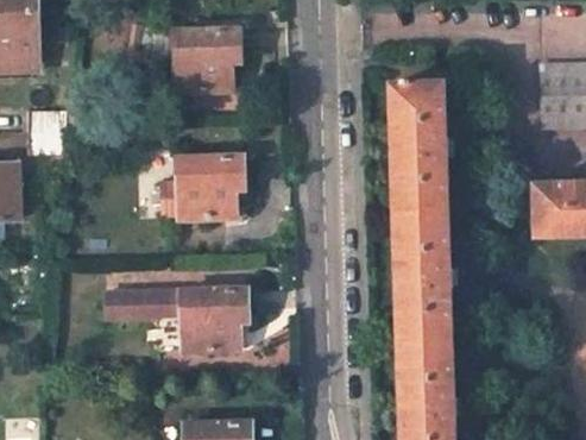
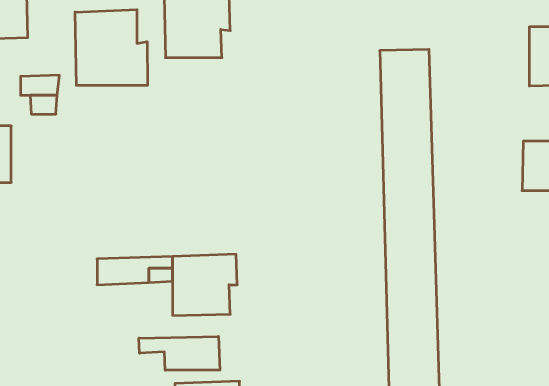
building: none -> [75,10,147,85]
building: [177,156,244,219] -> none
building: none -> [139,336,220,370]

